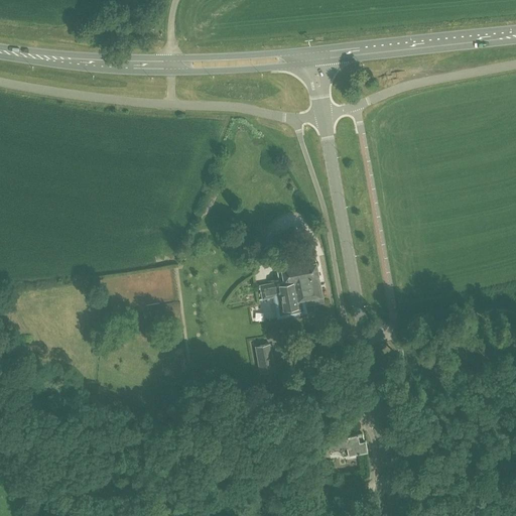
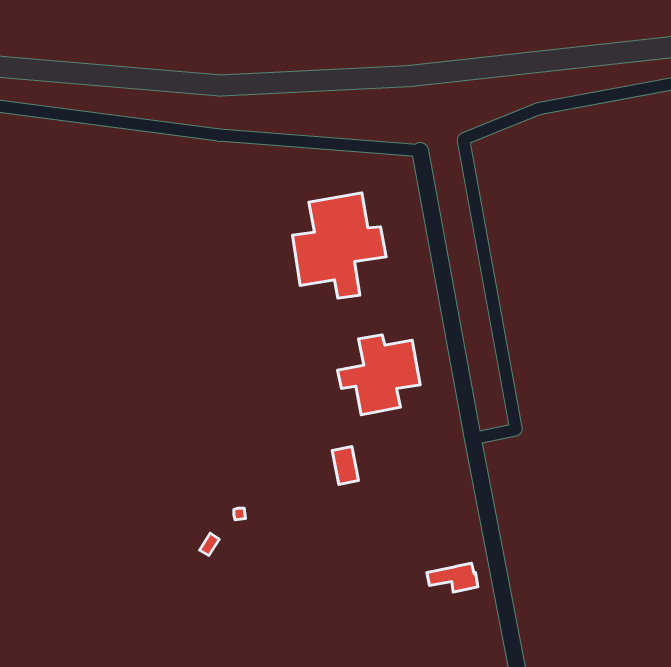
building: none -> [292,193,386,298]

